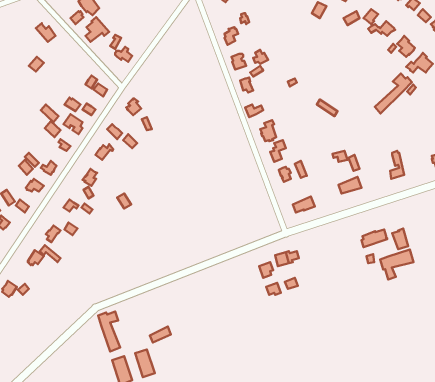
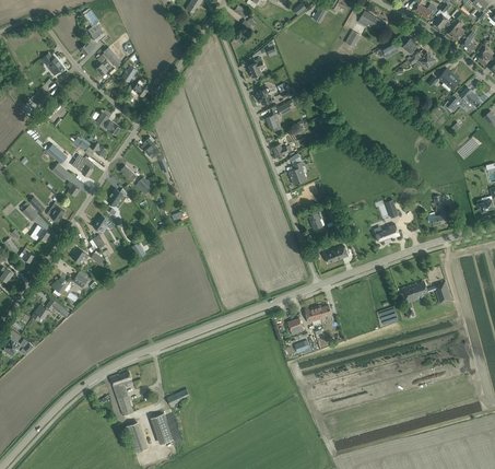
building: [375,74,412,113] -> none
building: [380,250,414,279] -> none

